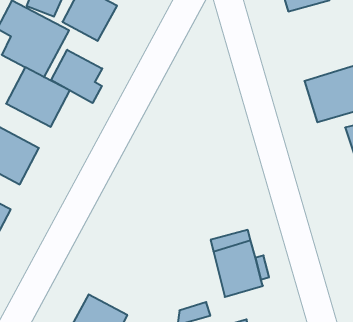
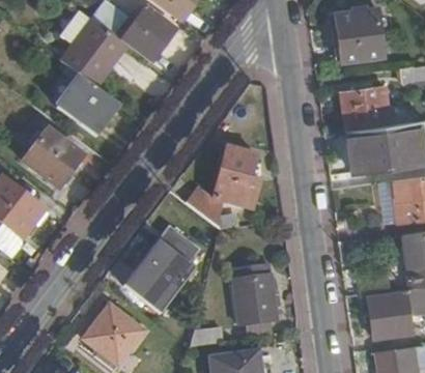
building: none -> [342,87,390,131]
building: [51,50,102,103] -> none
building: none -> [188,148,258,230]
building: none -> [123,226,201,312]

